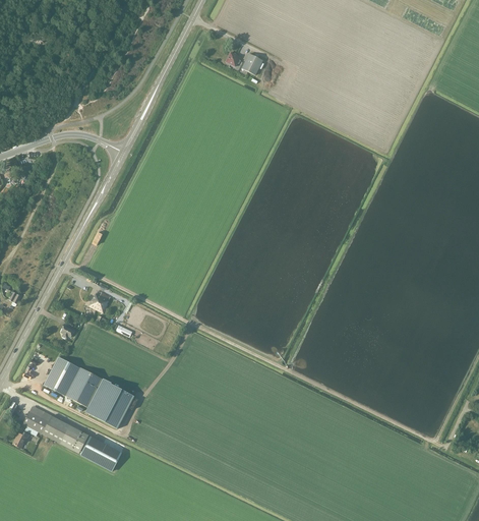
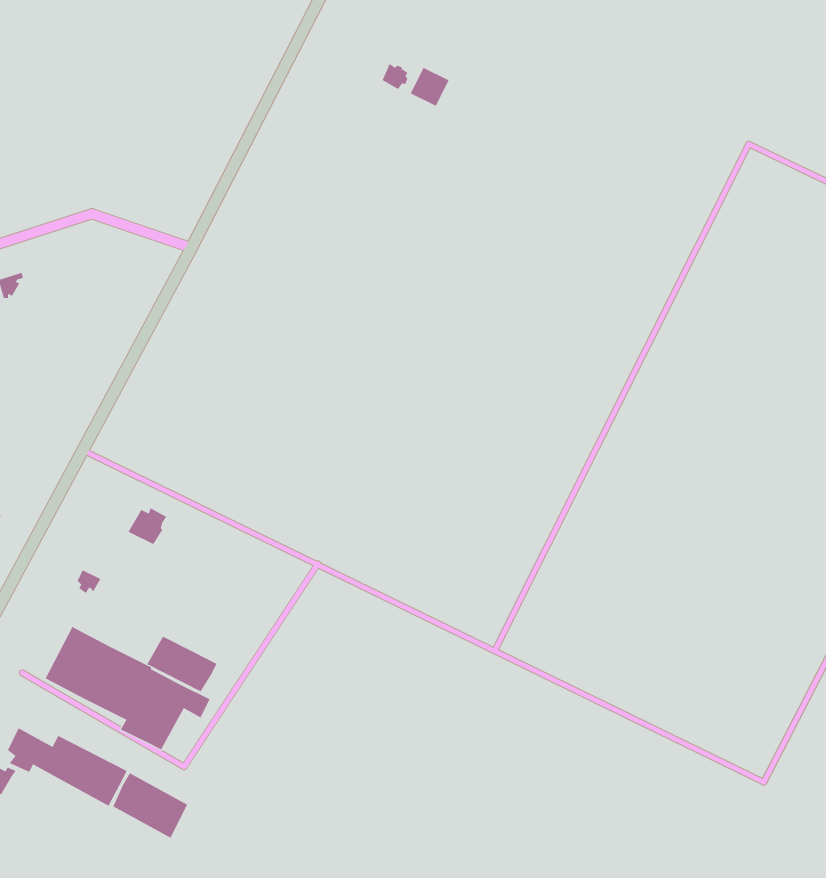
building: none -> [147,636,217,692]

